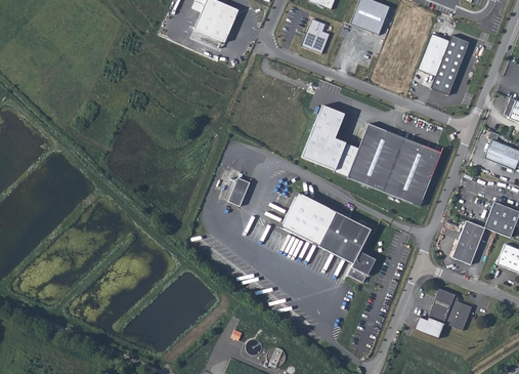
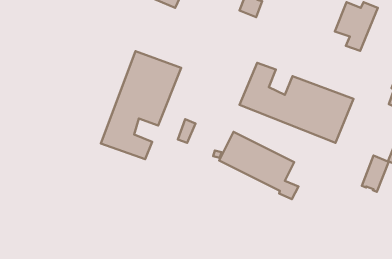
building: none -> [101,51,181,159]
building: [416,287,472,338] -> none

